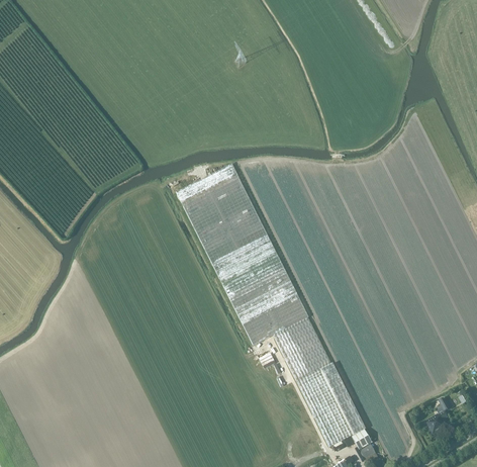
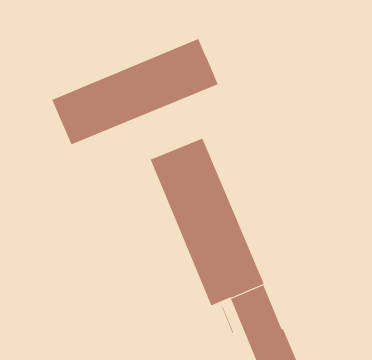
building: none -> [52,38,219,145]

